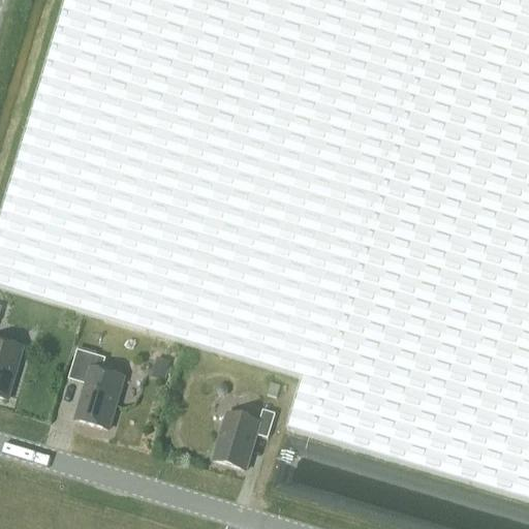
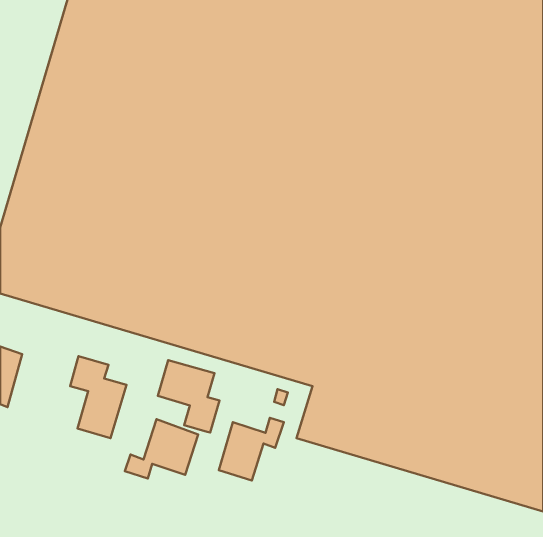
building: none -> [158,360,219,433]
building: none -> [125,419,198,478]

